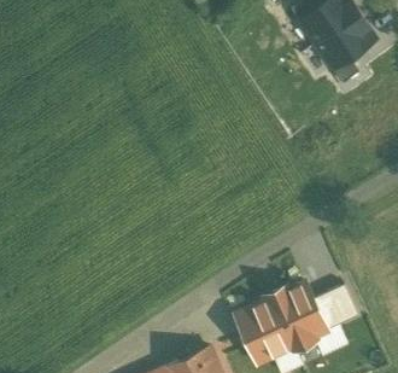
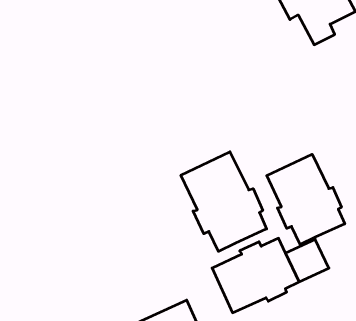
building: none -> [181,152,267,251]
building: none -> [267,154,345,244]

